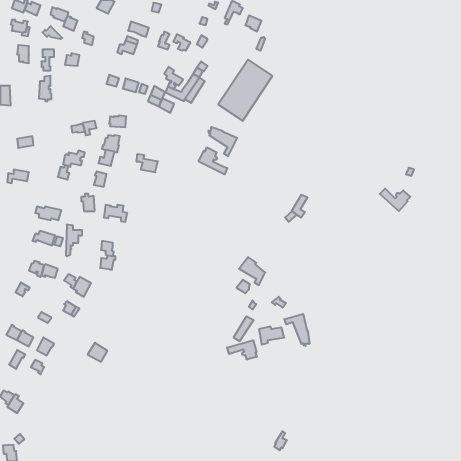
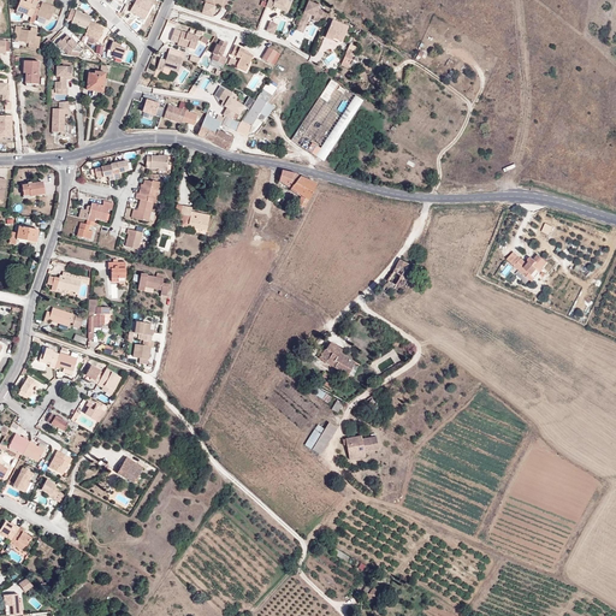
building: [199,147,227,174] -> none
building: [284,314,309,346] -> none
building: [227,340,257,360] -> none

